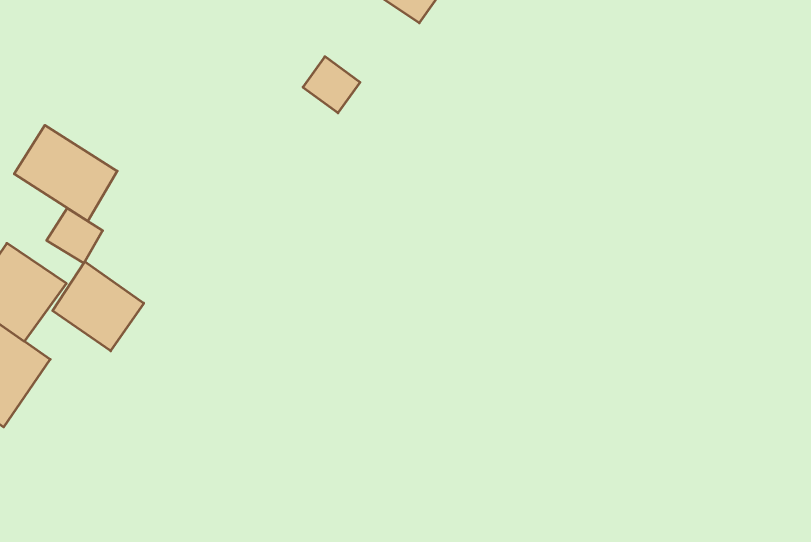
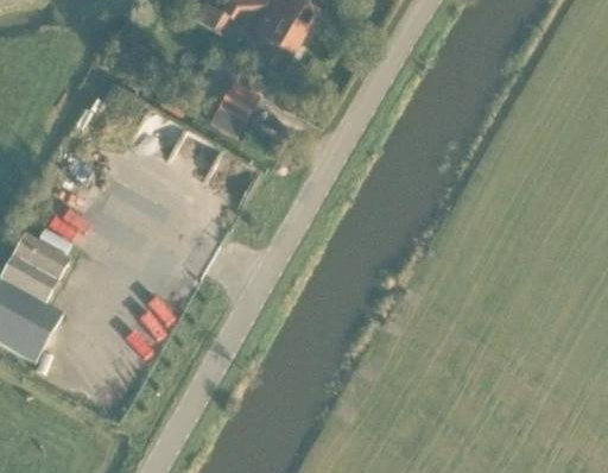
building: [14,125,117,221] -> none
building: [53,261,144,351] -> none

